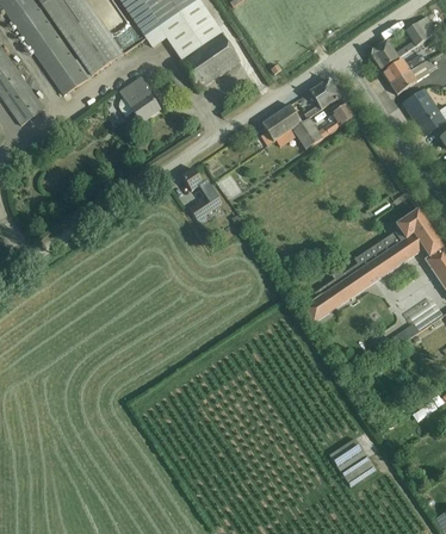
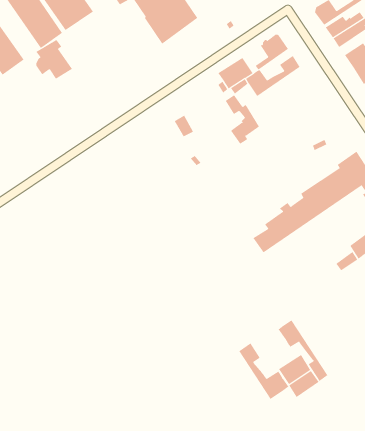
building: [118,75,160,120] -> [35,39,73,80]
building: [182,167,222,223] -> [225,95,260,145]
building: none -> [278,320,328,382]
building: none -> [239,342,289,400]

